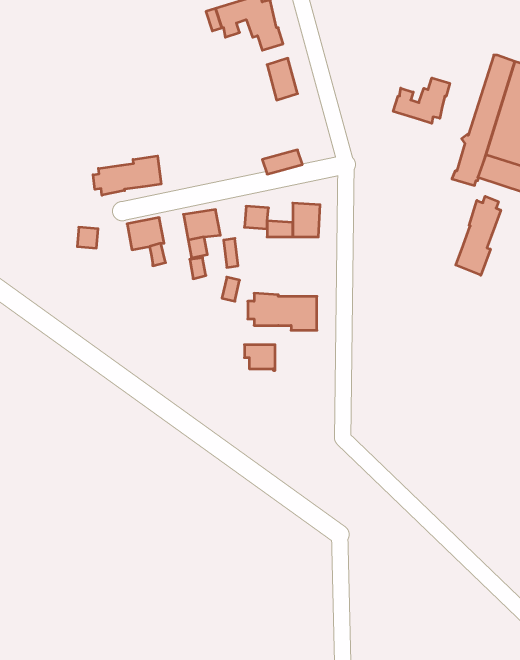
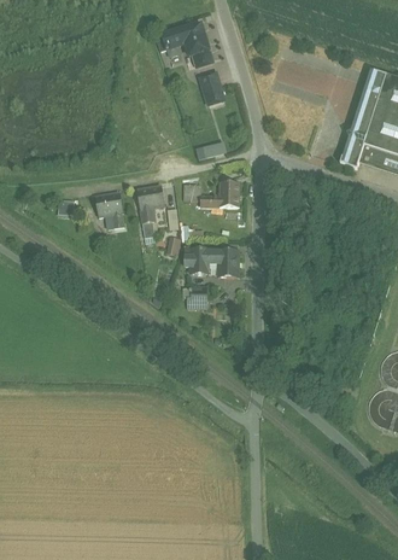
building: [393,78,450,123] -> none
building: [93,156,161,195] -> none
building: [456,196,501,275] -> none

